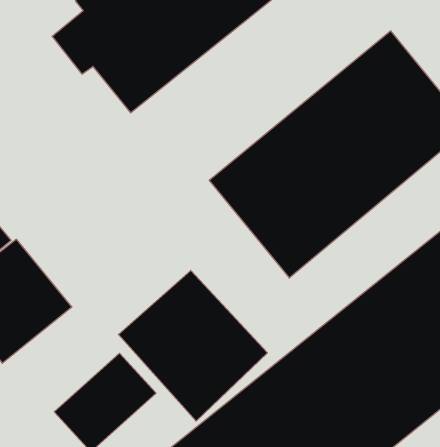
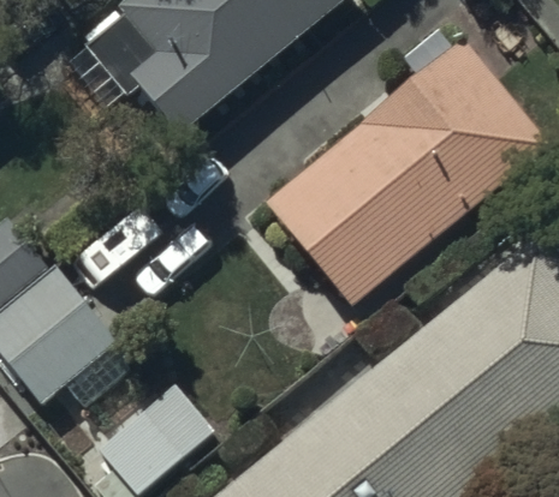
building: [118,270,267,421] -> none

